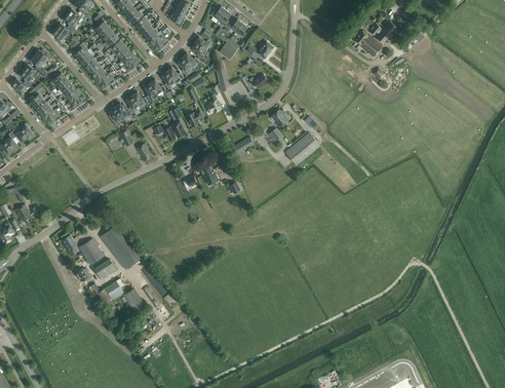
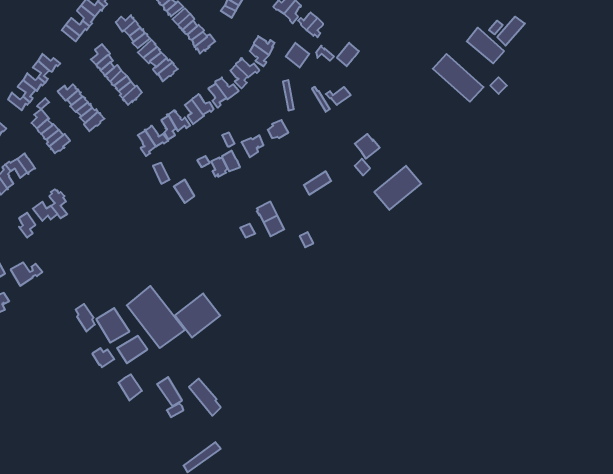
building: none -> [433,54,484,102]
building: none -> [175,293,220,338]

